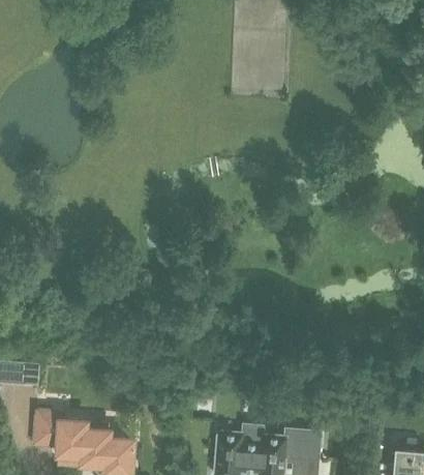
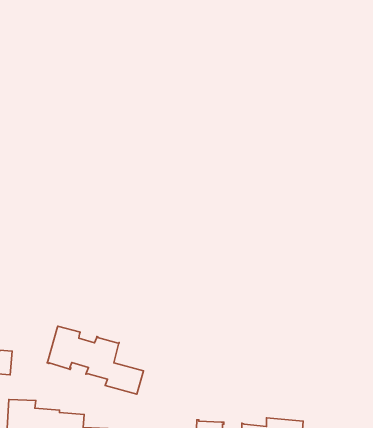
building: none -> [47,326,143,394]

